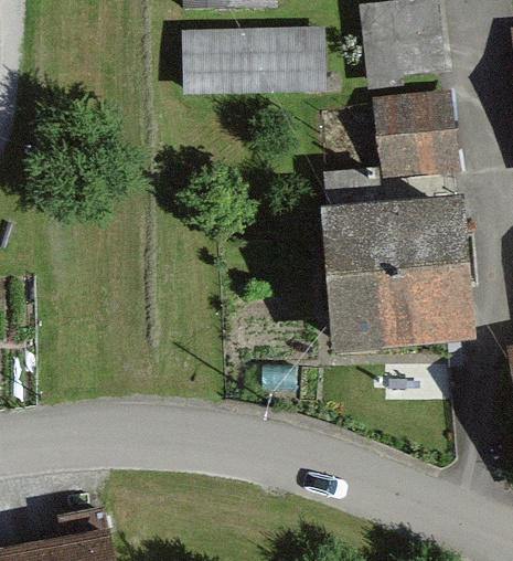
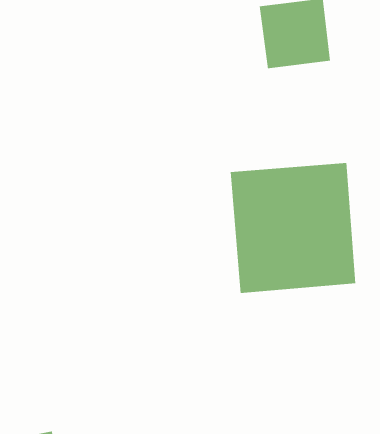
building: [182,24,321,98] -> none
building: [371,86,458,180] -> none

